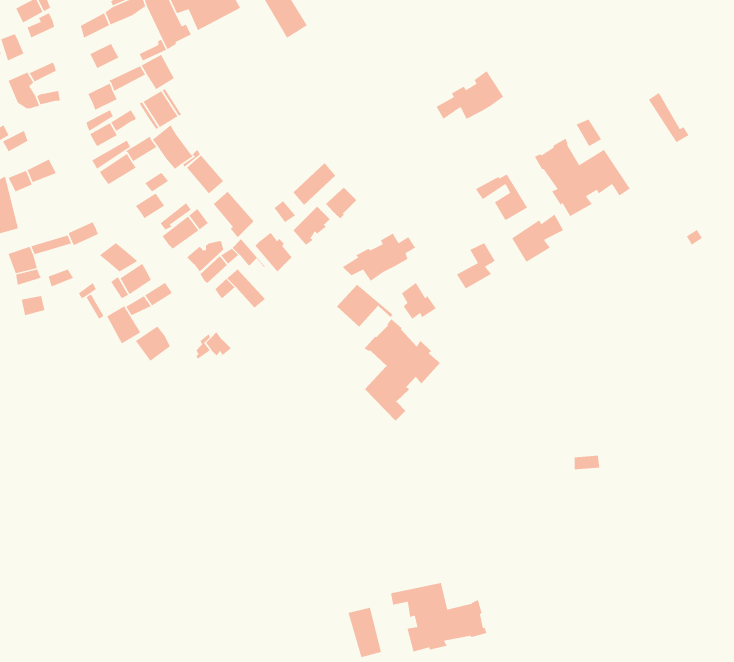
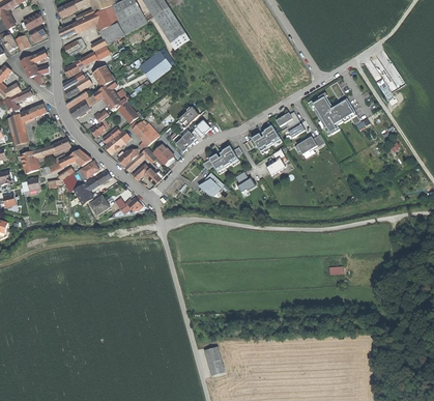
building: none -> [143,52,173,80]
building: [436,70,504,120] -> [244,123,282,150]
building: [364,318,441,422] -> none
building: [390,582,488,652] -> none

